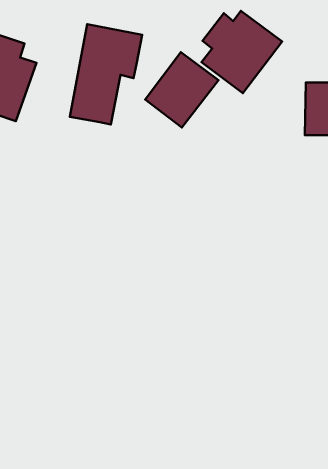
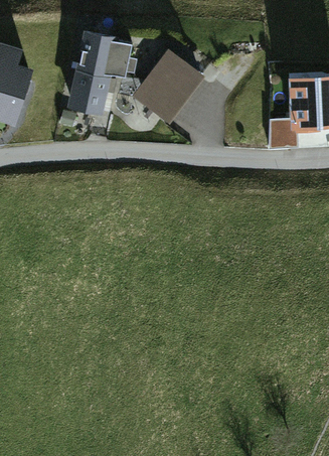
building: [201,11,282,93] -> none

